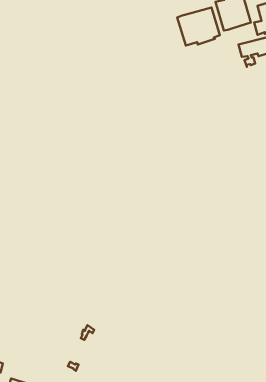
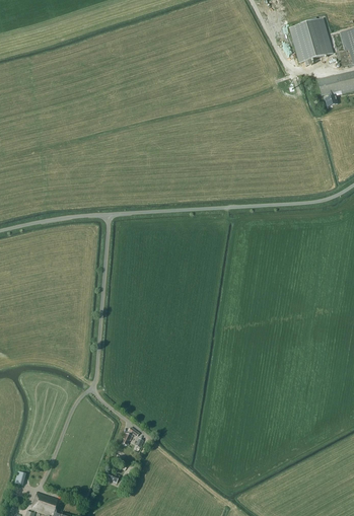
building: [177,8,220,46] -> none

